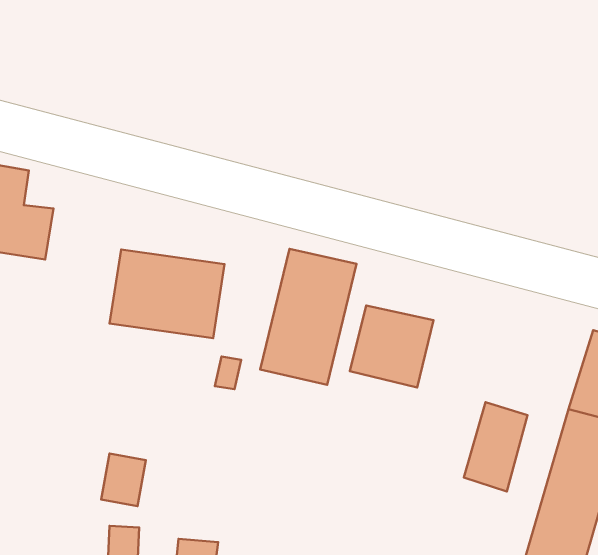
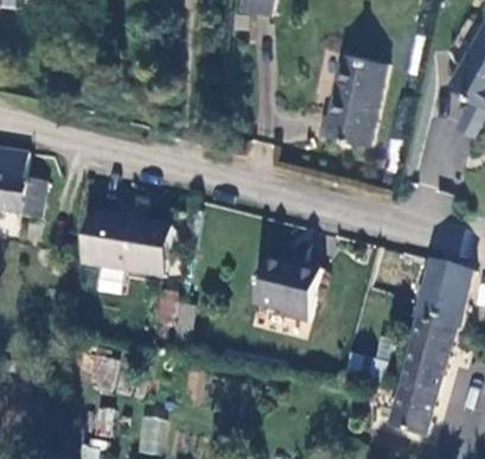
building: none -> [319,49,388,140]
building: [260,249,357,385] -> none
building: [464,402,528,491] -> none

